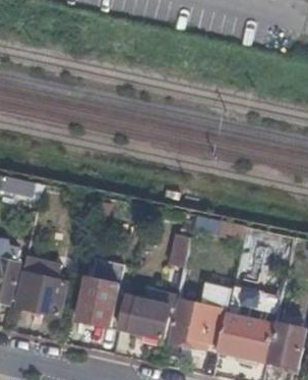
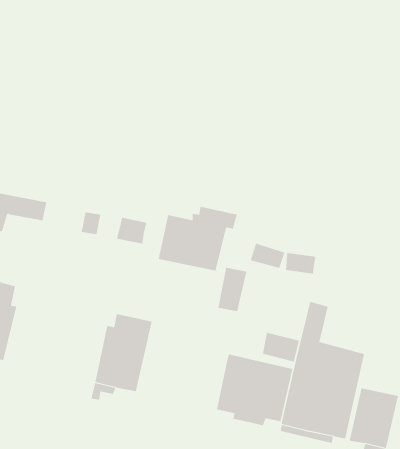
building: [15,257,65,317] -> none
building: [118,290,178,339] -> [158,206,238,271]

